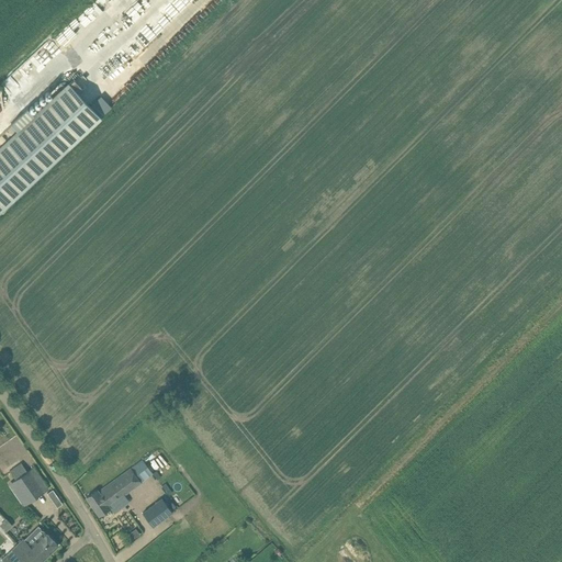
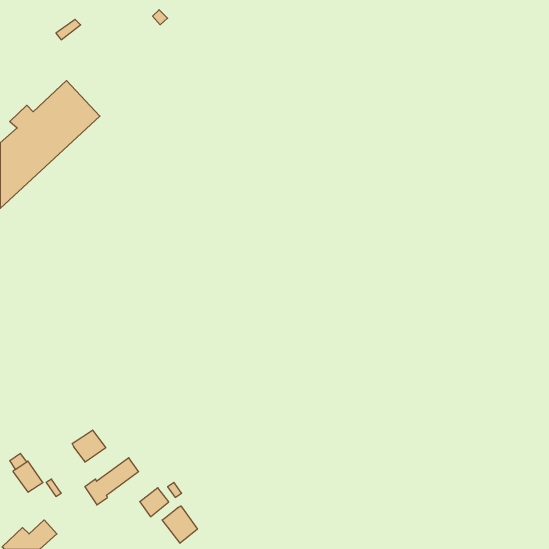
building: none -> [72,430,106,462]
building: none -> [162,506,197,543]

